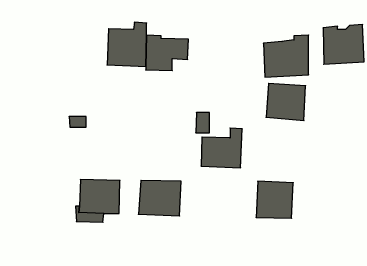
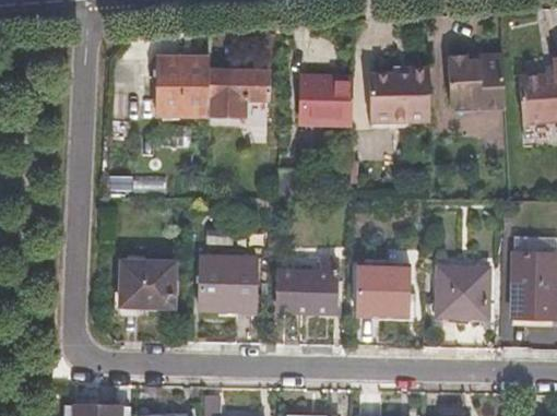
building: [266,83,306,121] -> [301,75,355,126]
building: [201,128,242,168] -> [282,260,337,313]
building: none -> [438,266,488,317]

